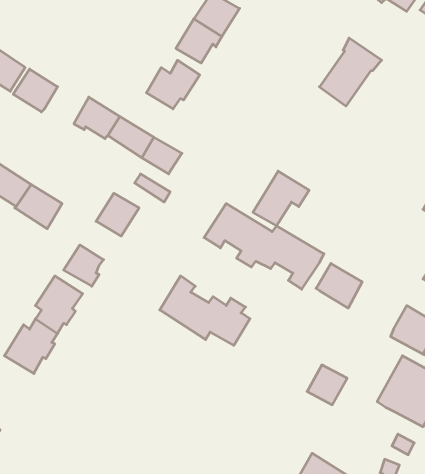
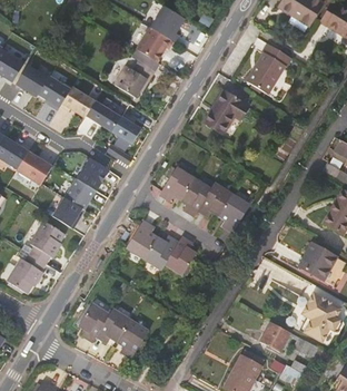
building: none -> [39,76,71,110]
building: [253,171,309,226] -> [205,90,247,131]
building: none -> [66,178,97,209]
building: [316,263,362,308] -> none
building: [307,365,347,405] -> [258,321,288,351]
building: none -> [77,305,147,358]

